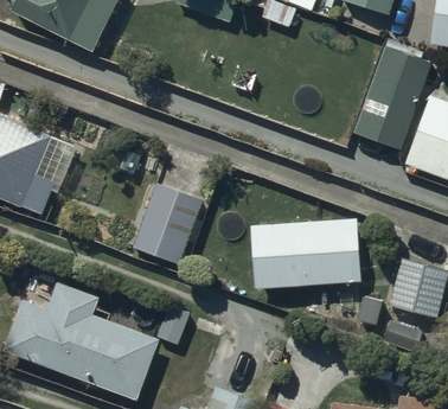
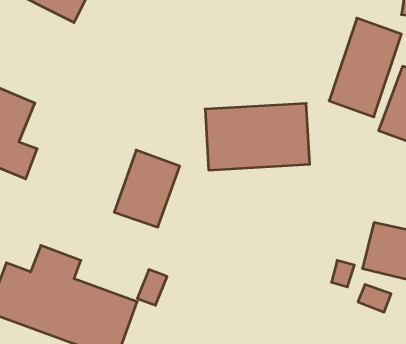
building: [252,219,360,288] -> [205,103,310,170]

